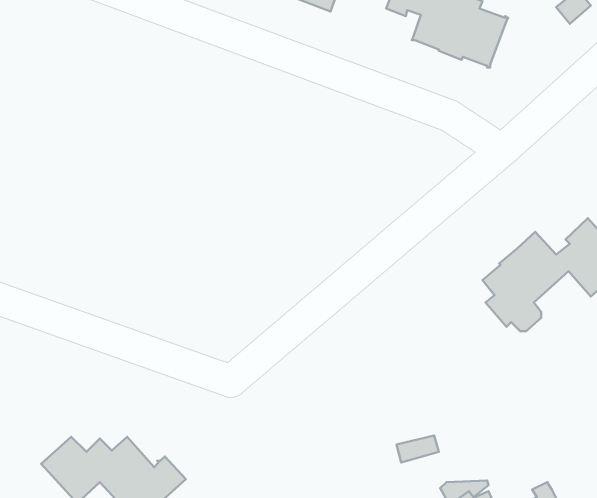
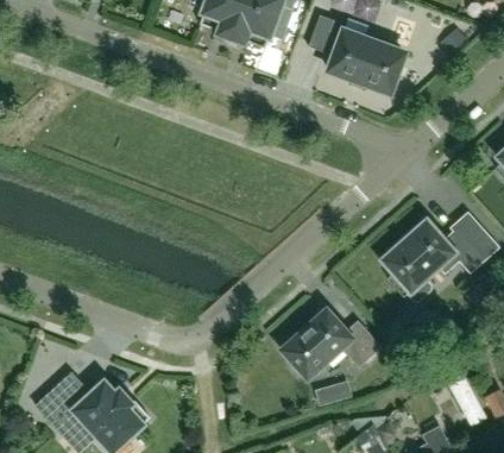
building: none -> [283,312,379,376]

